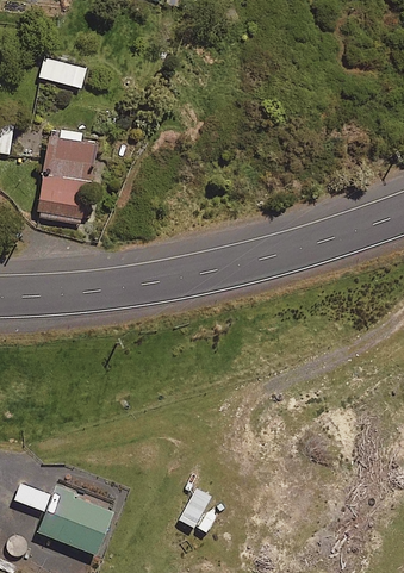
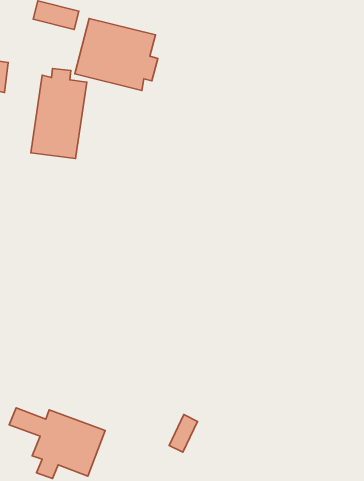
building: none -> [75,19,158,91]

